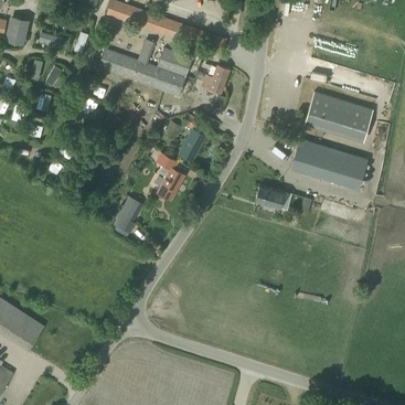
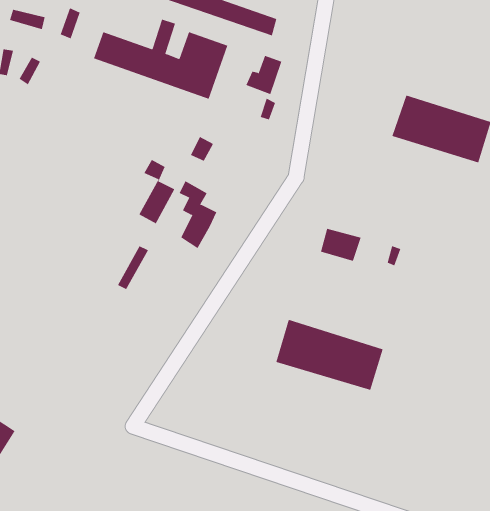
building: [179,114,204,159] -> [139,159,175,224]
building: [291,138,366,188] -> [275,319,383,391]

